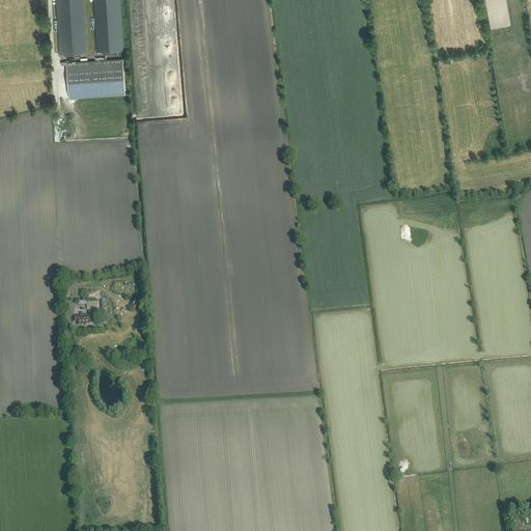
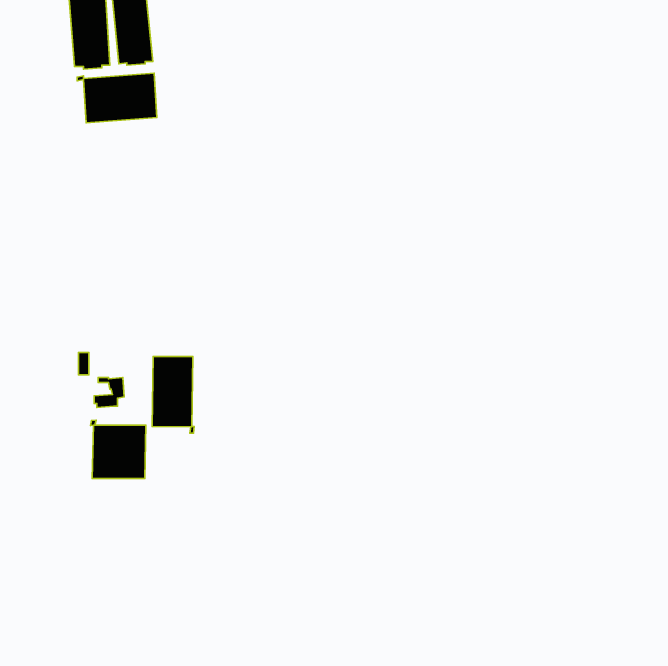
building: none -> [152,356,194,433]
building: none -> [90,420,146,479]

